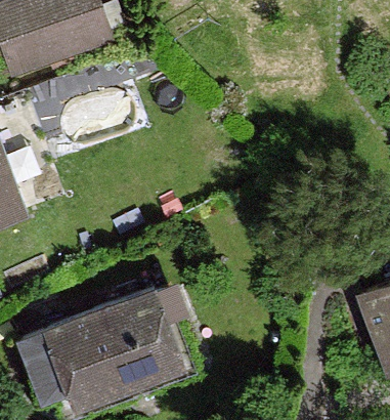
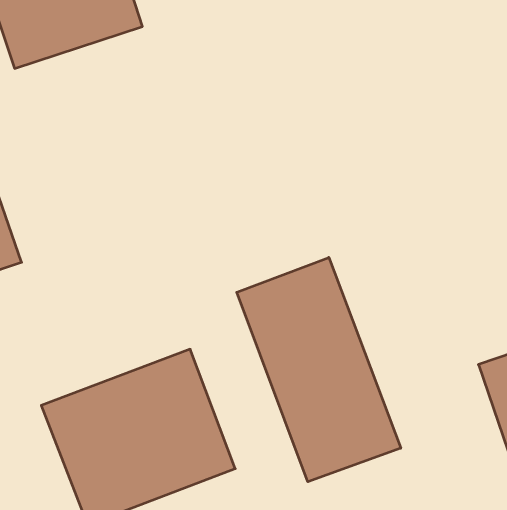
building: none -> [237,257,401,482]

